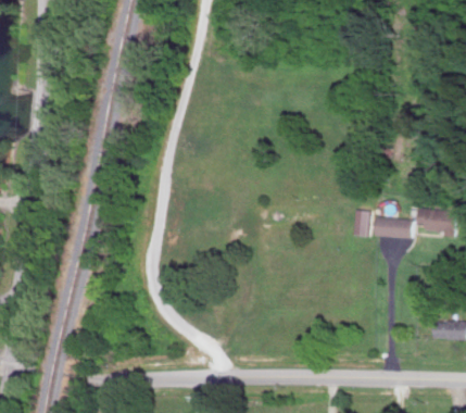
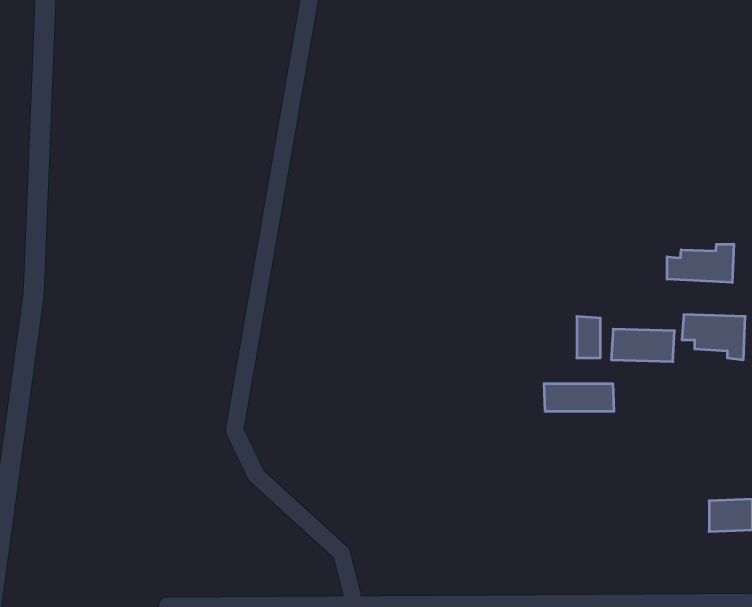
building: none -> [667,244,734,283]
building: none -> [544,384,614,411]

